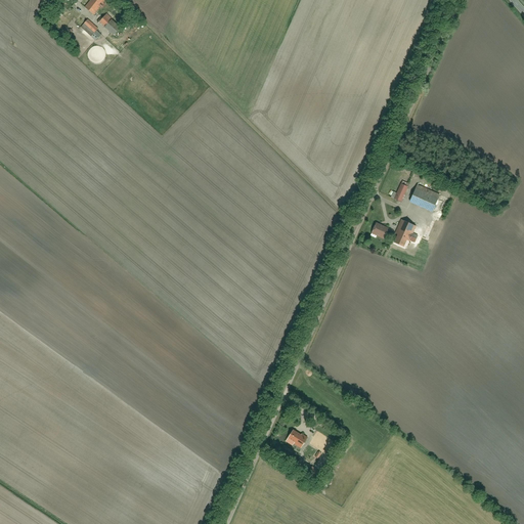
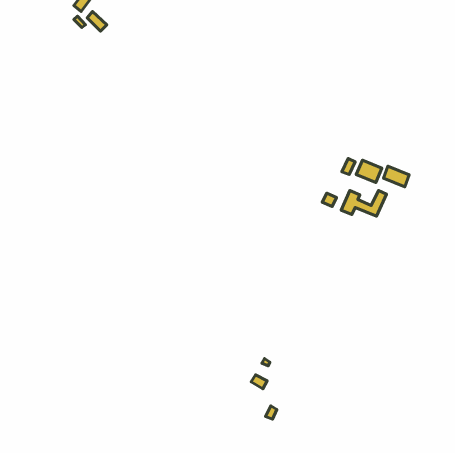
building: none -> [383,166,409,187]

